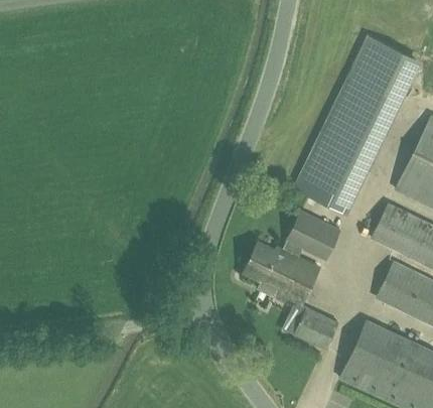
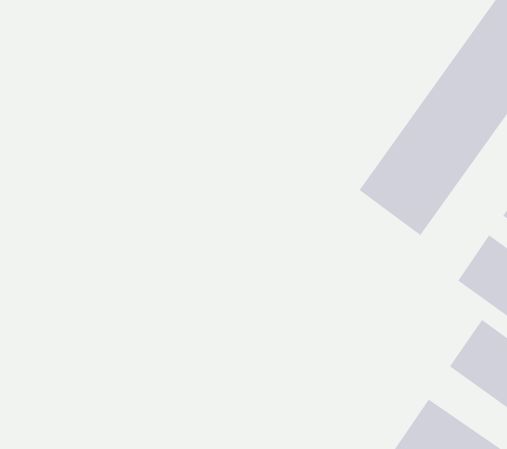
building: [246,213,337,303] -> none
building: [293,307,339,351] -> none

